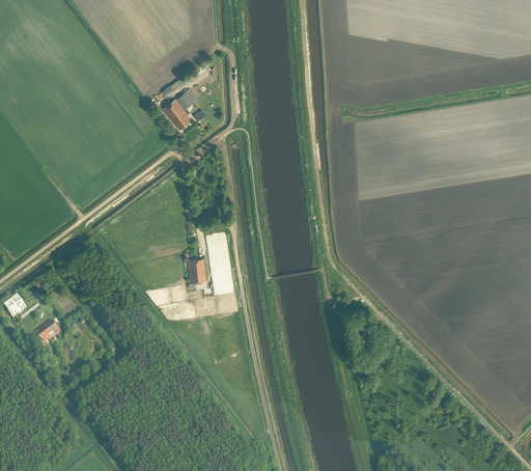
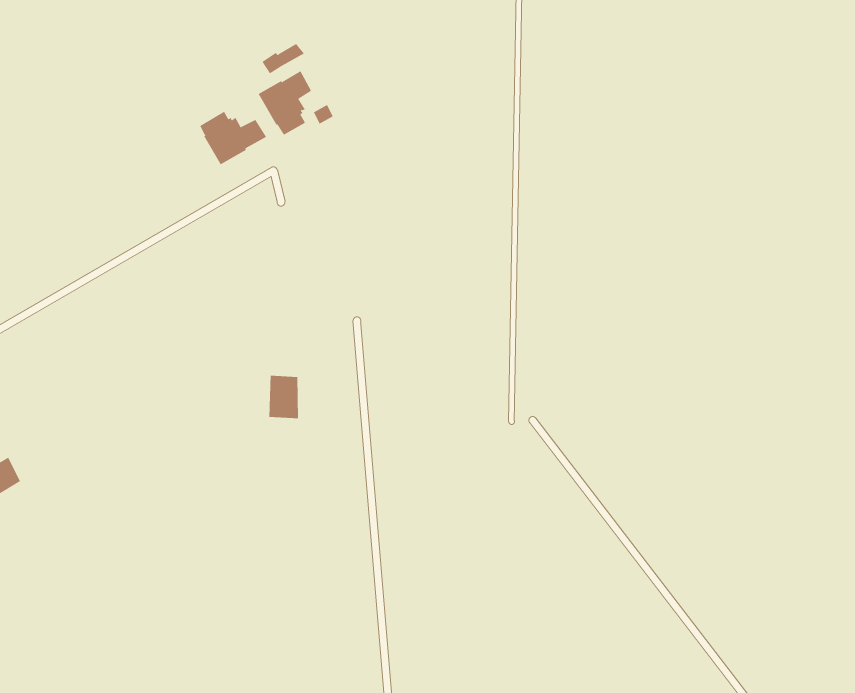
building: none -> [199,111,267,165]

